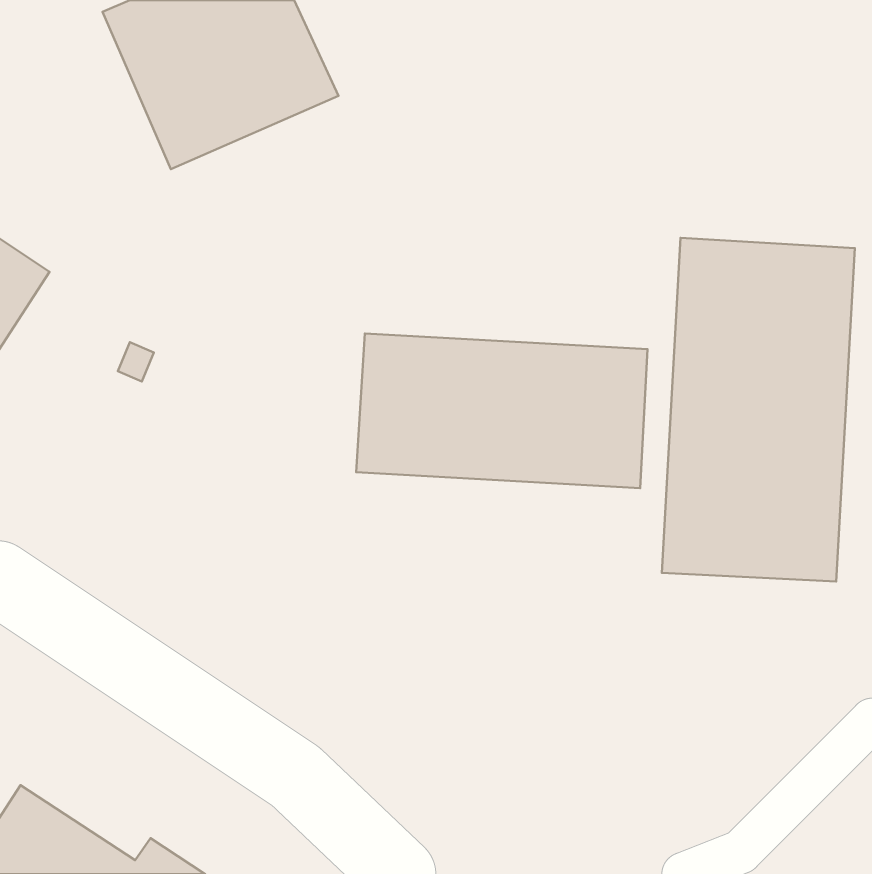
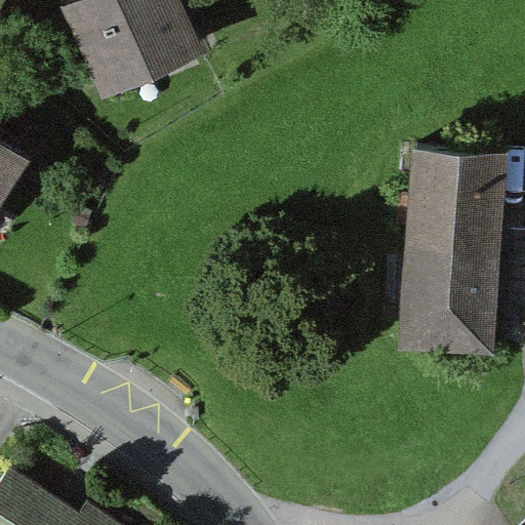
building: [356,333,648,488] -> none

